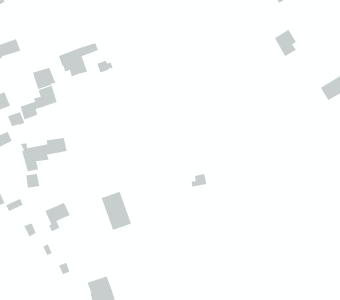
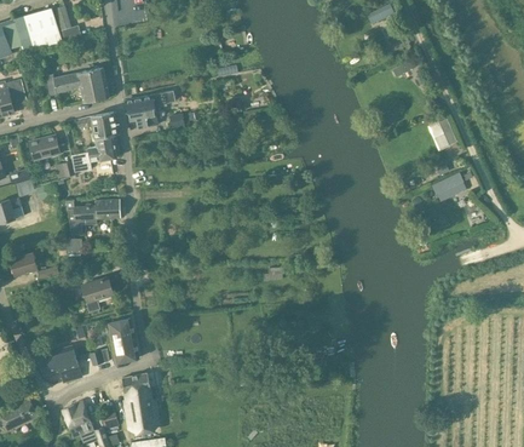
building: [274,29,297,57] -> [430,116,456,149]
building: none -> [79,67,110,103]
building: [101,191,132,231] -> [108,317,140,363]
building: none -> [39,345,82,382]

